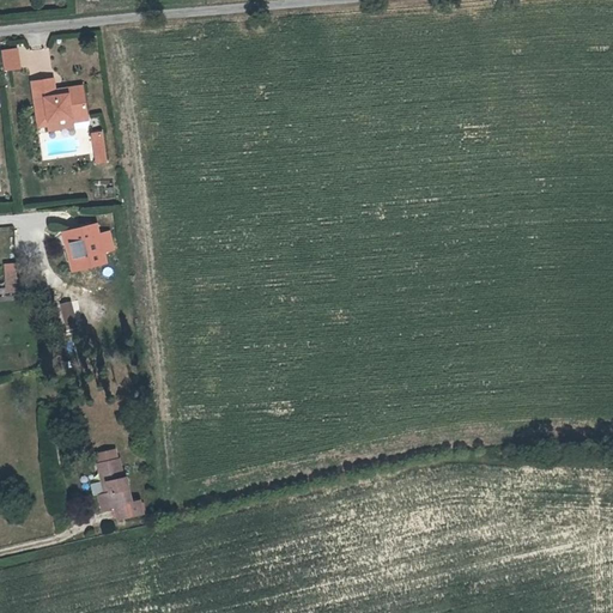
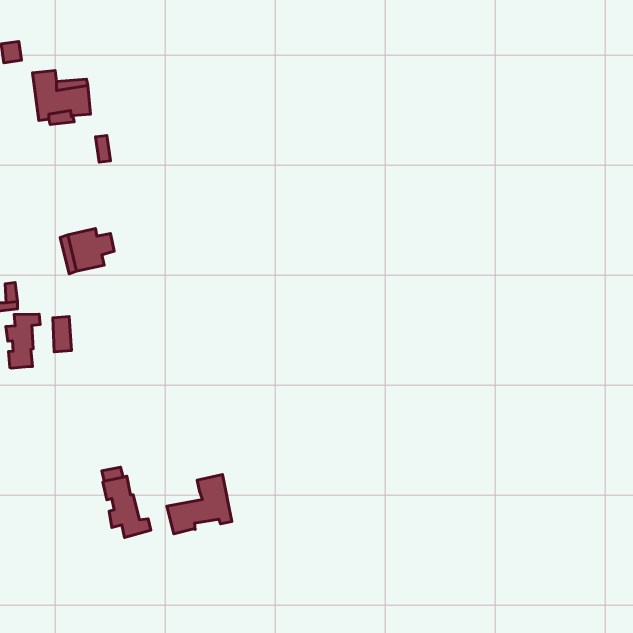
building: none -> [6,314,40,368]
building: none -> [167,475,232,534]

